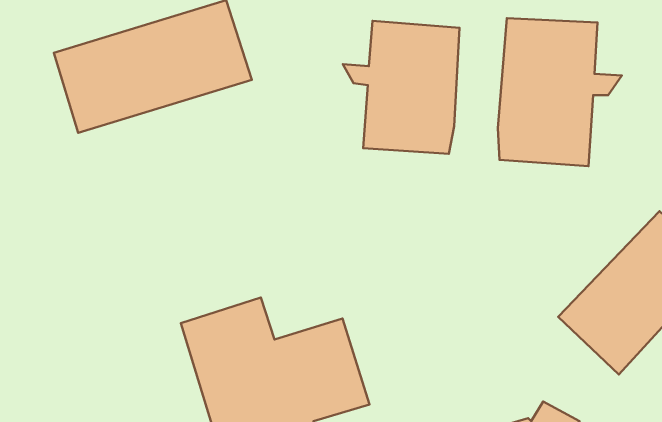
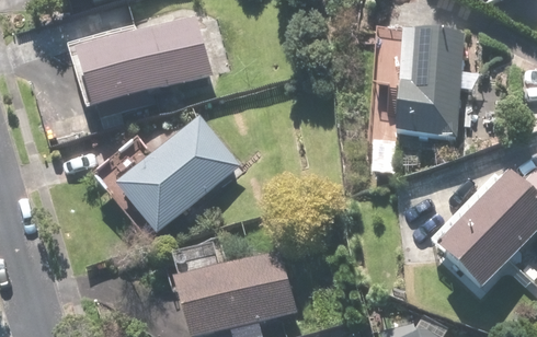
building: [343,21,459,154] -> none
building: none -> [103,109,242,235]

